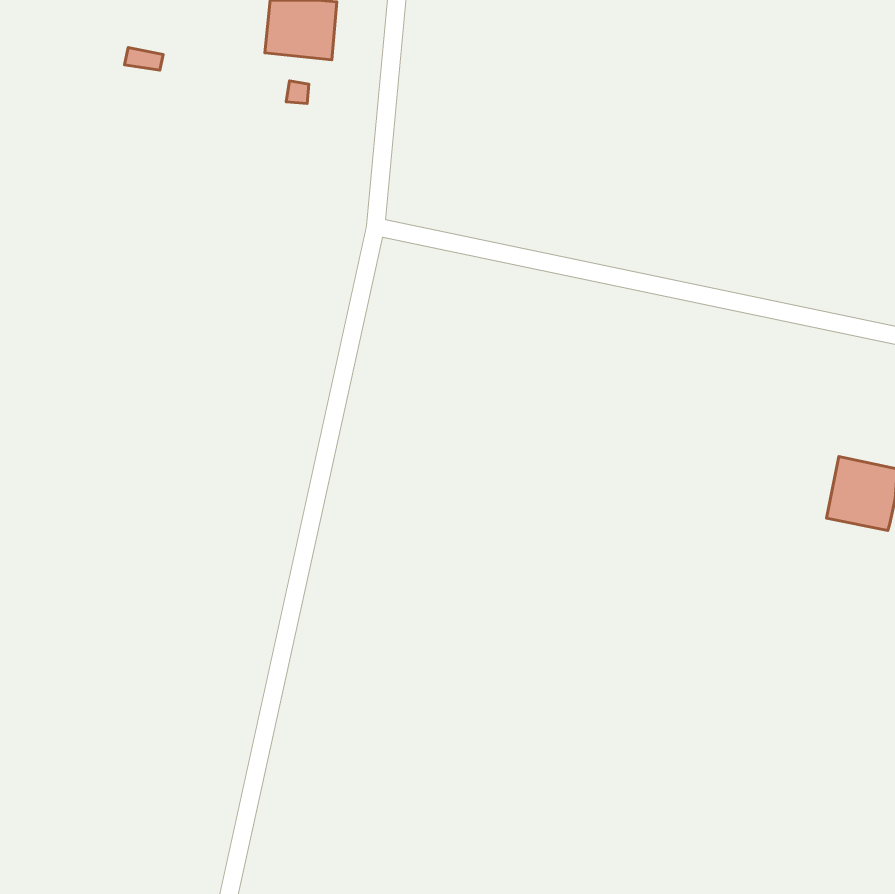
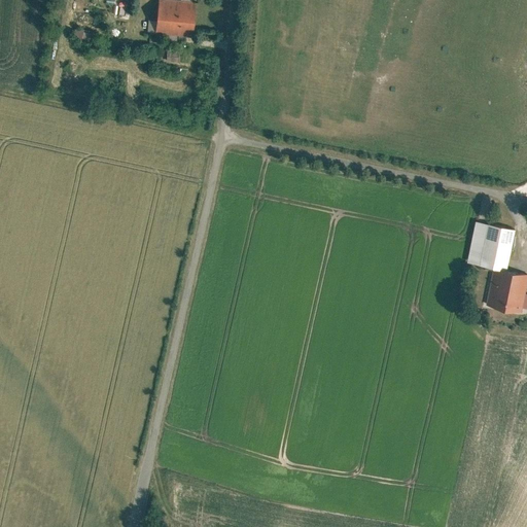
building: none -> [466,221,514,271]

